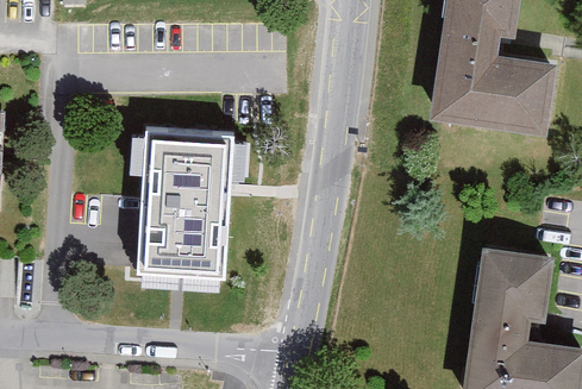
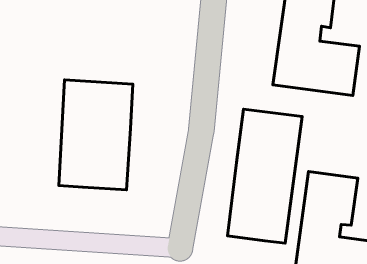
building: none -> [227,109,302,243]

